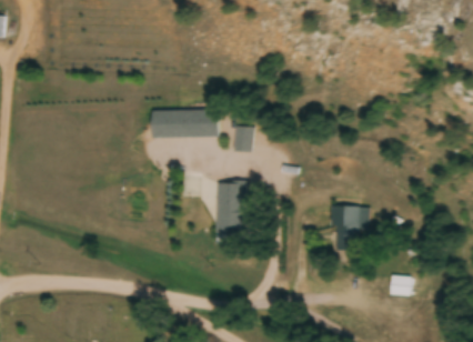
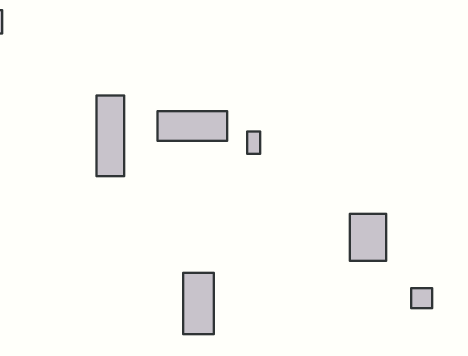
building: none -> [96,96,124,176]
building: [217,181,245,239] -> [183,273,214,334]

